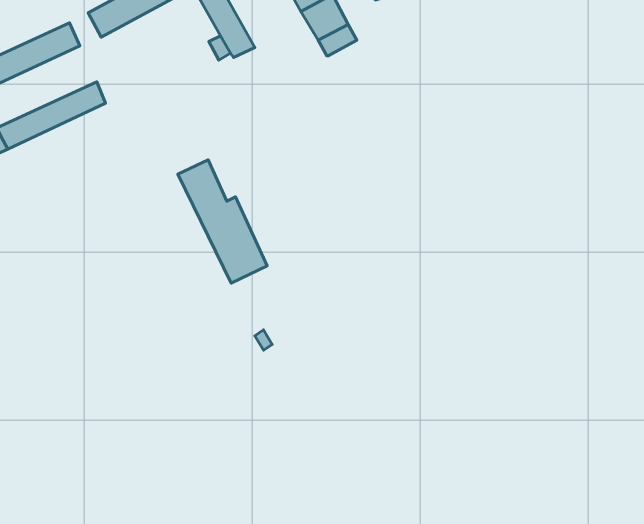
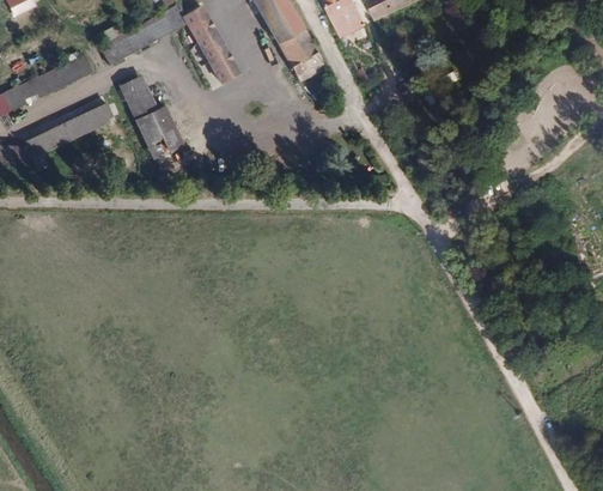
building: [178,160,267,283] -> [117,72,191,175]

